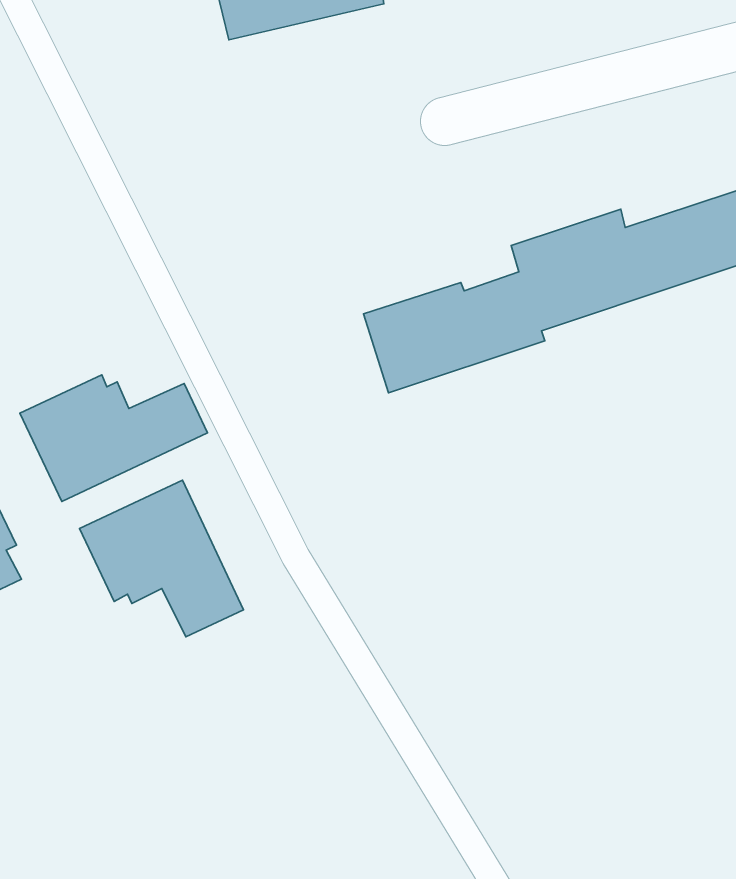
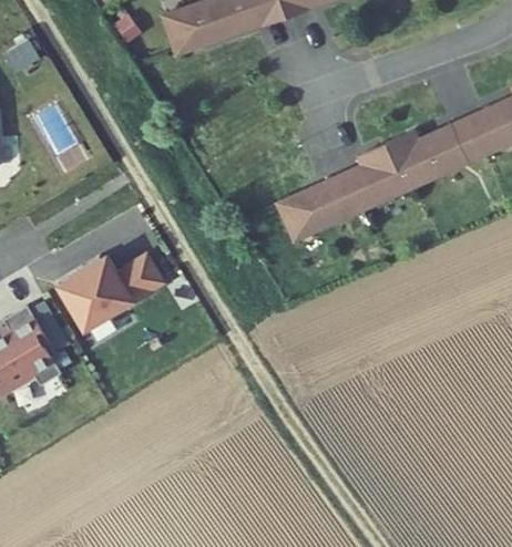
building: [80,480,244,637] -> none

